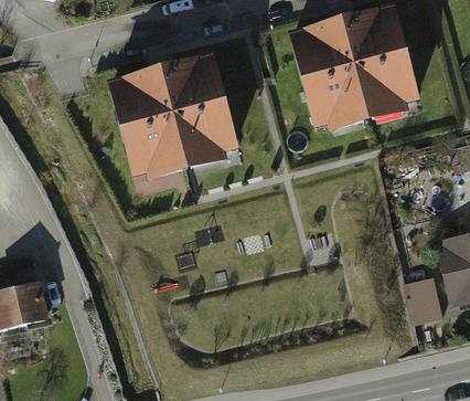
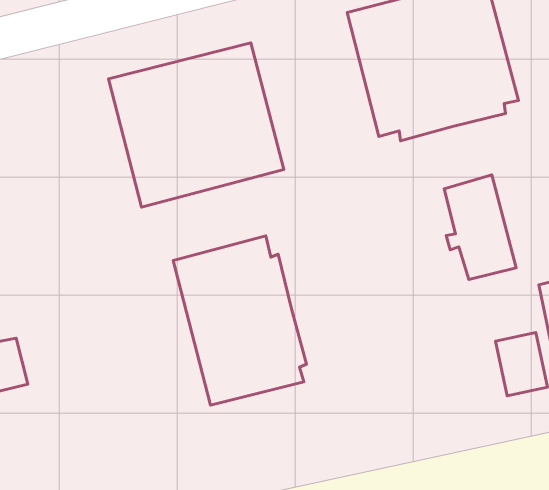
building: none -> [444,175,516,280]
building: none -> [173,236,306,405]

